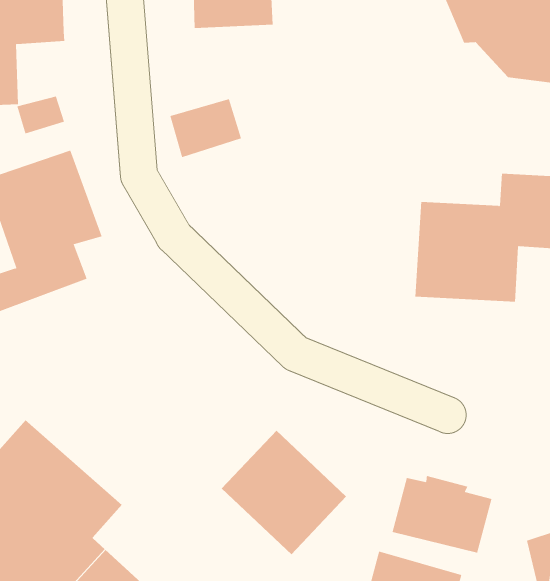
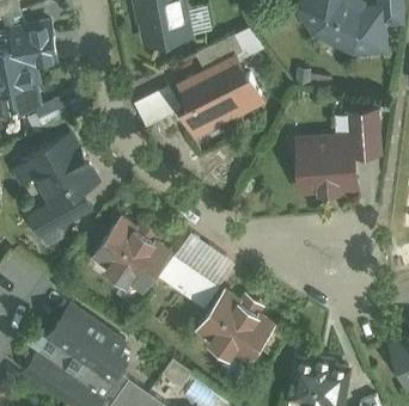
building: none -> [176,36,268,137]
building: none -> [90,211,172,293]
building: none -> [159,233,234,308]
building: [392,475,492,554] -> none

